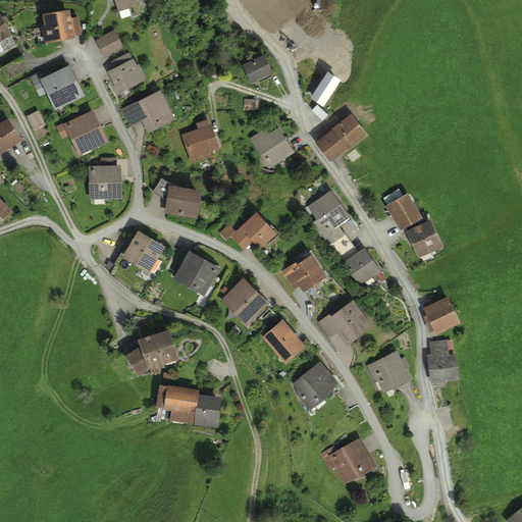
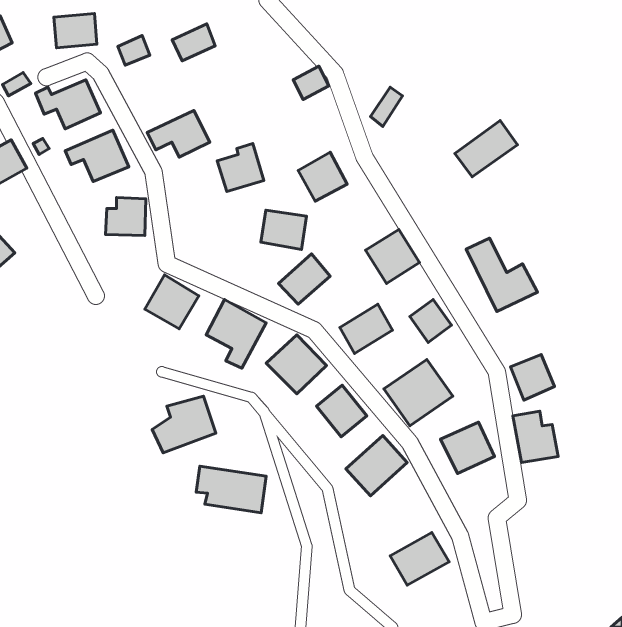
building: [110,58,146,89] -> [172,24,215,61]
building: [317,115,369,162] -> [455,120,518,177]
building: [164,184,202,216] -> [261,210,306,249]

